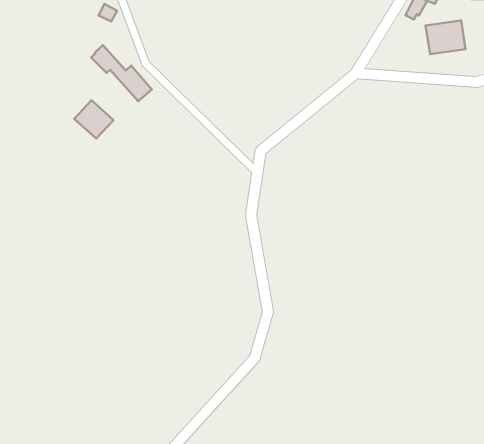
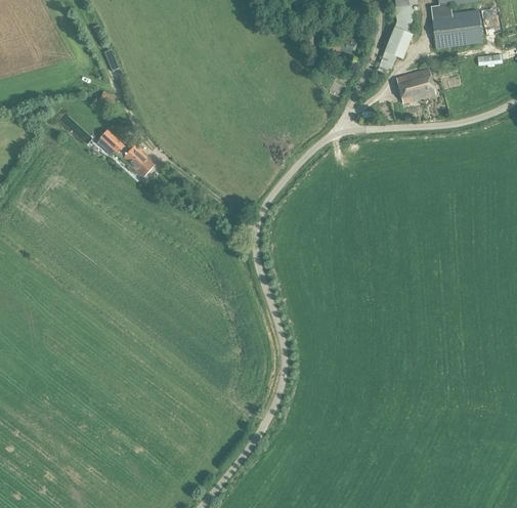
building: [74,100,113,139] -> none

